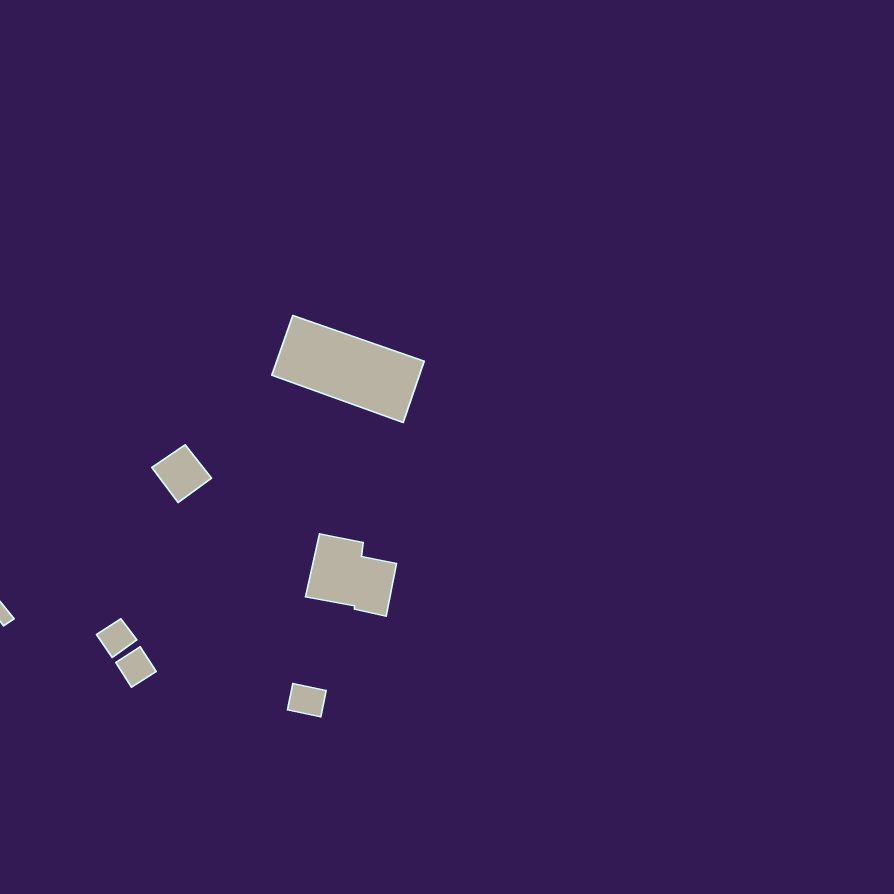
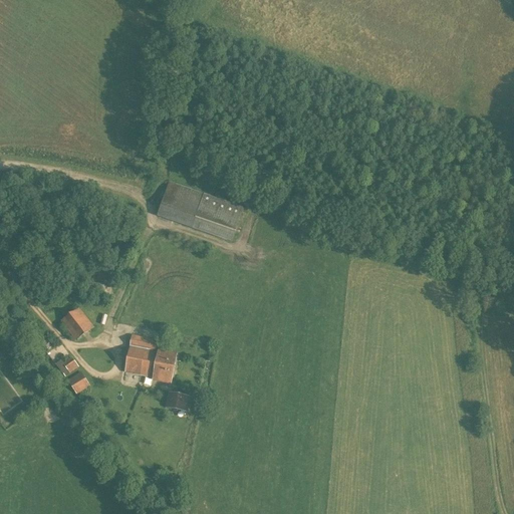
building: [152,445,212,503] -> [59,307,93,340]
building: [305,534,397,616] -> [123,335,176,382]

